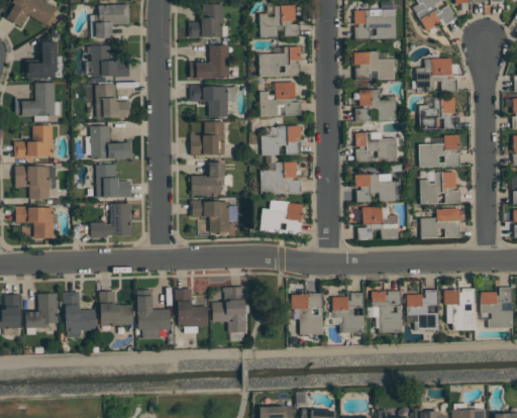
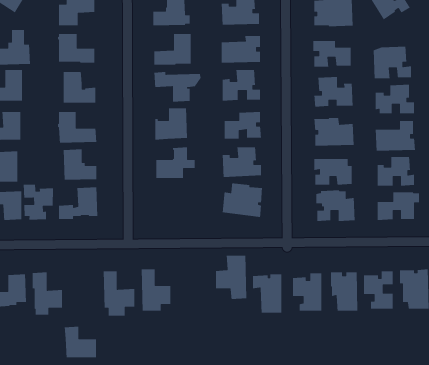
building: [191,200,237,231] -> none
building: none -> [23,184,54,220]
building: [212,286,245,332] -> [215,255,247,300]
building: [99,291,133,324] -> [64,326,97,358]

